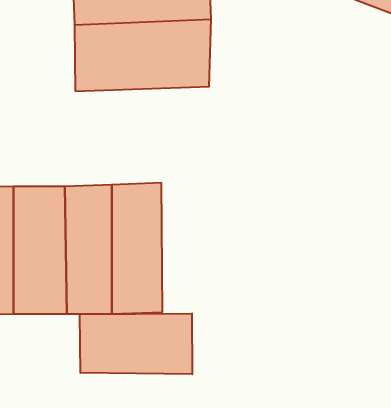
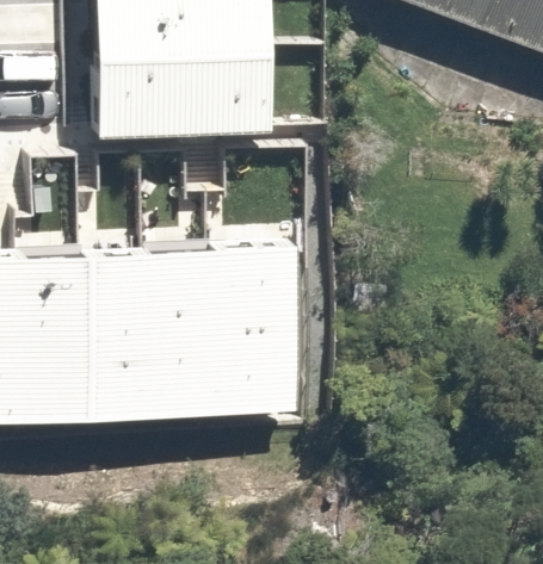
building: none -> [210,252,300,417]
building: [80,313,192,374] -> none

